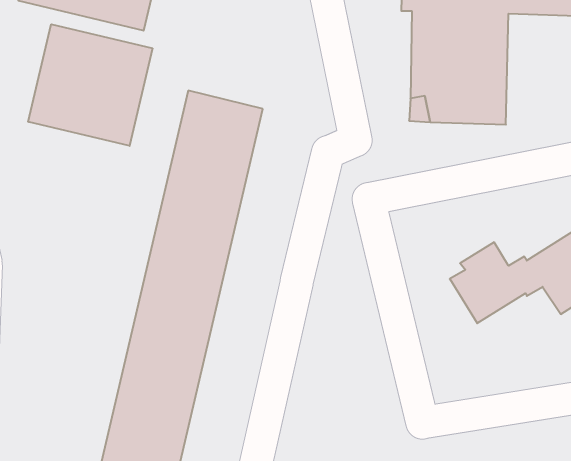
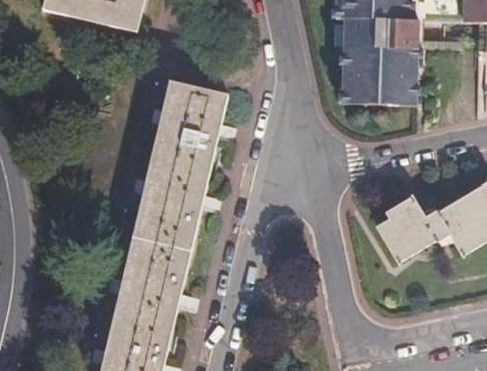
building: [28,24,152,146] -> none

